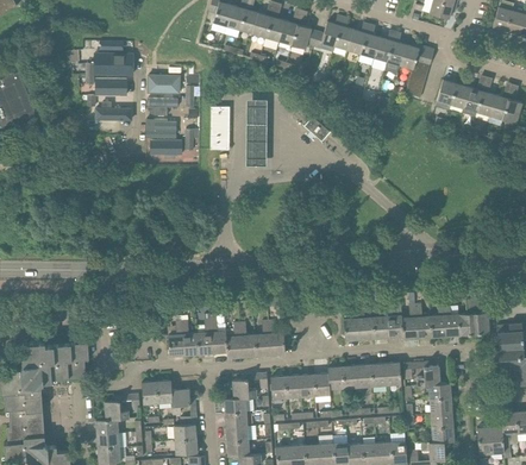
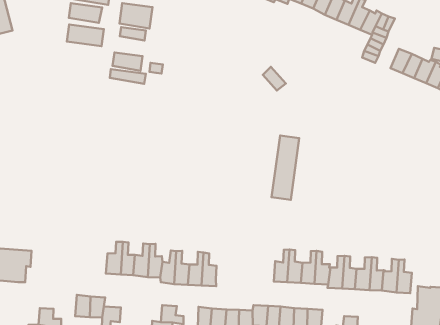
building: [246,100,267,165] -> [272,136,299,200]
building: [211,106,230,150] -> none

